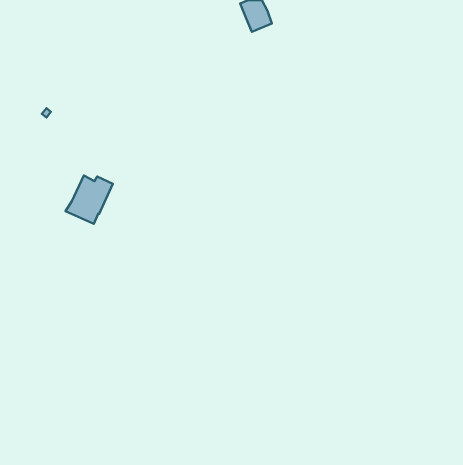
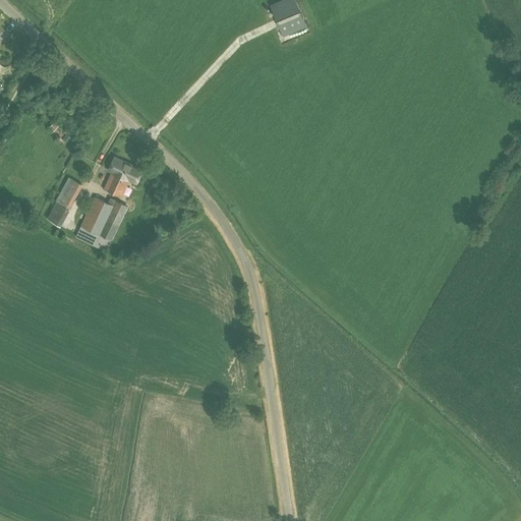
building: none -> [103,157,139,195]
building: none -> [46,177,81,226]

